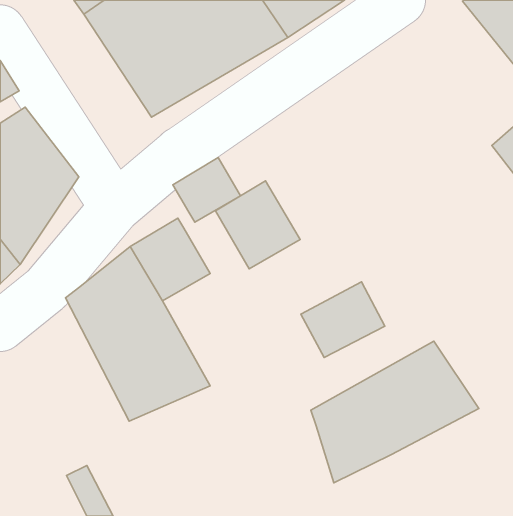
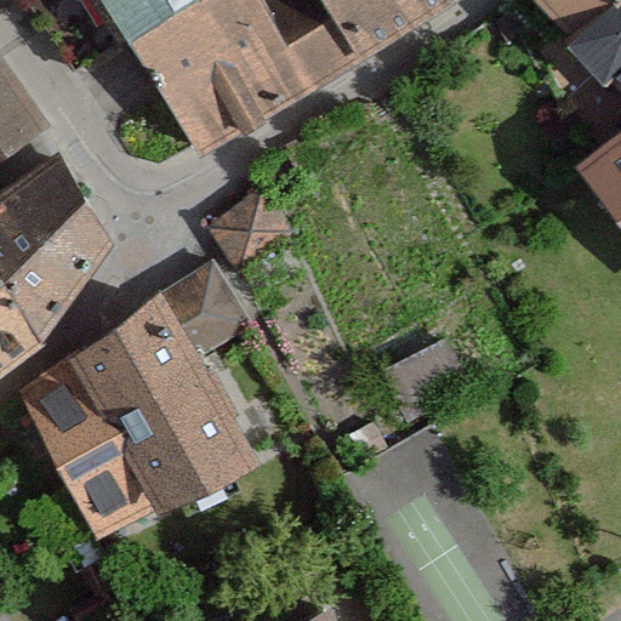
building: [215,181,300,269] -> none
building: none -> [27,358,159,535]
building: [311,341,479,483] -> none

